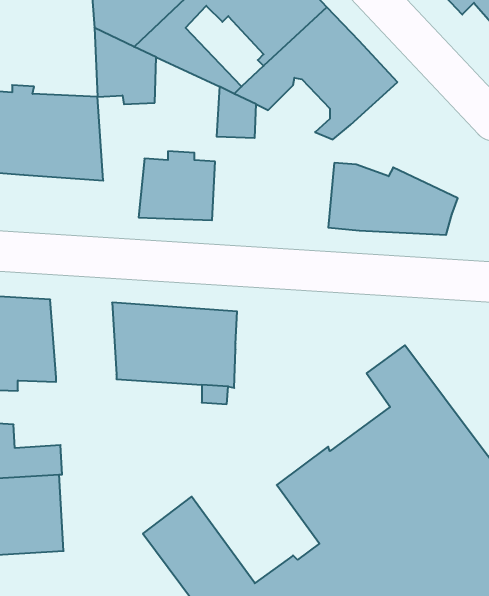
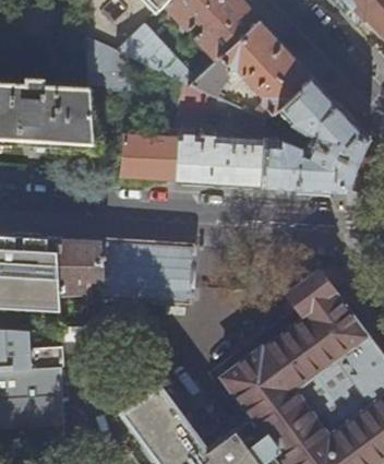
building: none -> [278,76,371,163]
building: none -> [176,111,266,185]
building: none -> [56,238,105,296]

